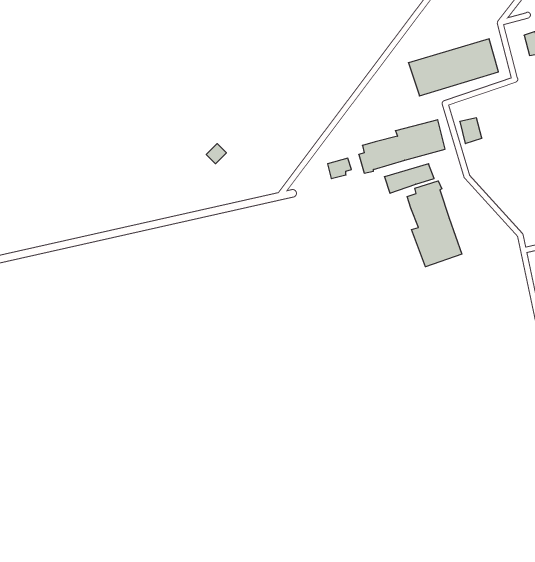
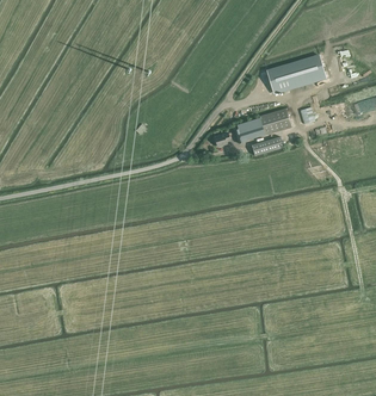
building: [407,181,462,267] -> none

